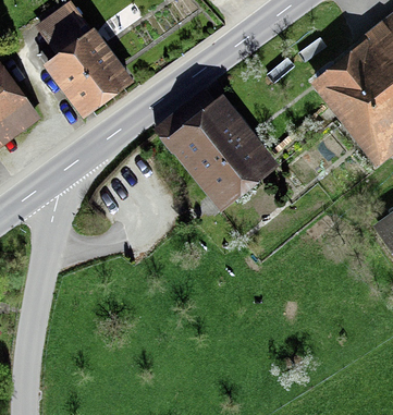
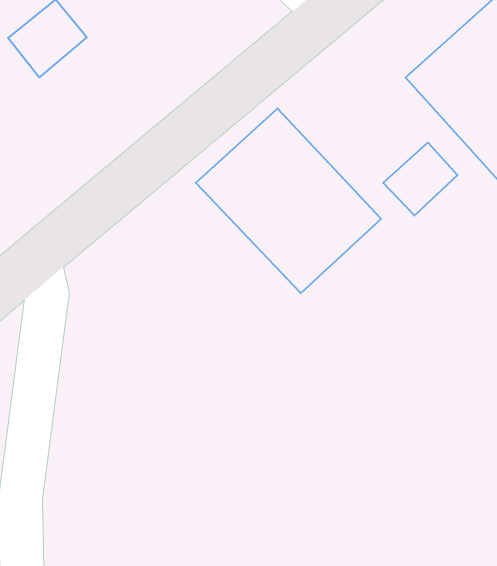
building: [51,33,140,122] -> none
building: none -> [383,143,458,216]

